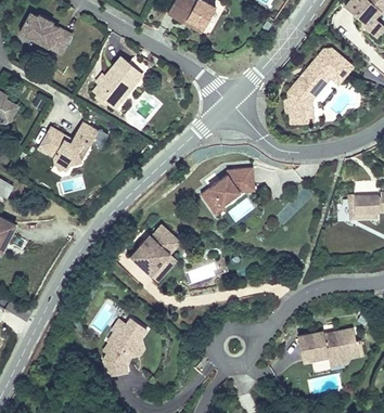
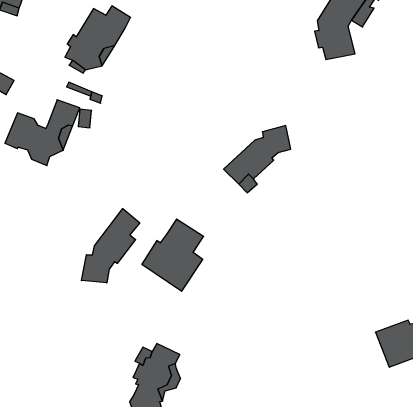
building: none -> [81,209,140,283]

